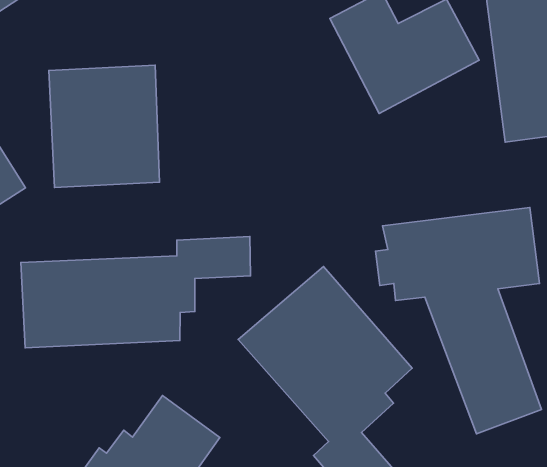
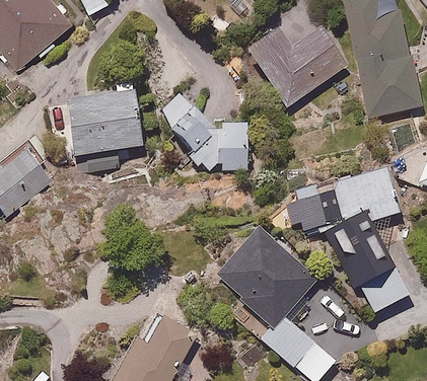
building: none -> [159,96,250,172]
building: [21,236,251,348] -> none

